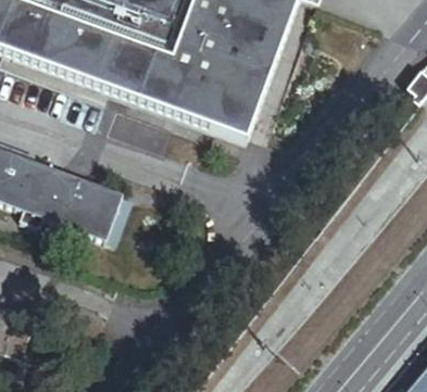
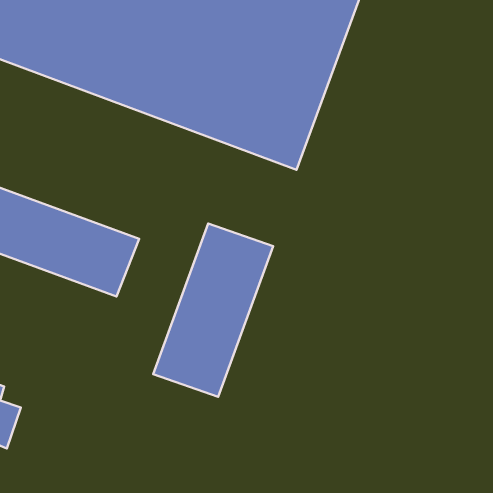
building: none -> [153,223,273,397]

